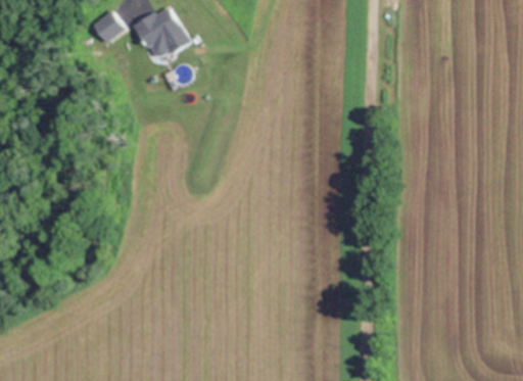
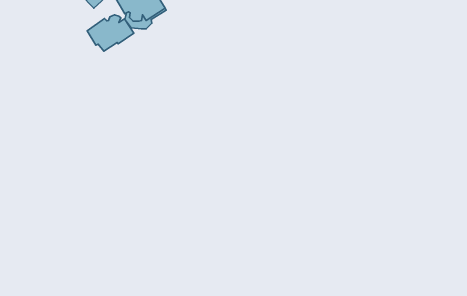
building: none -> [87,15,134,51]

